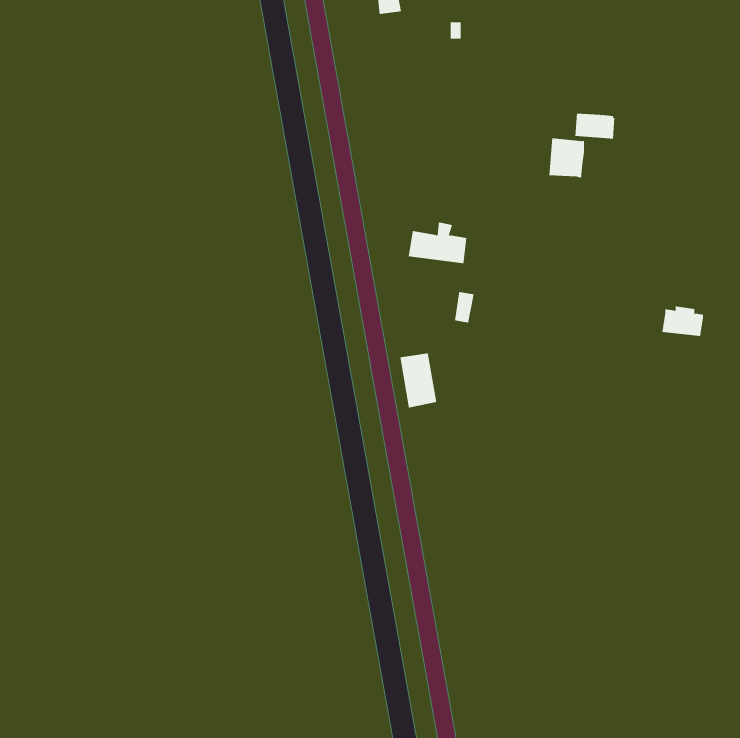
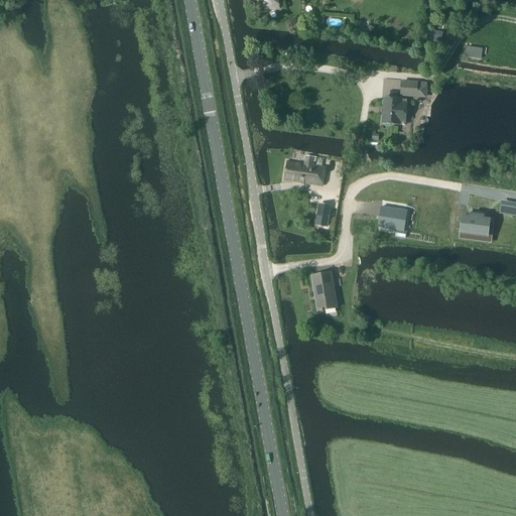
building: none -> [379,205,407,230]
building: [399,353,437,408] -> [311,271,338,309]

